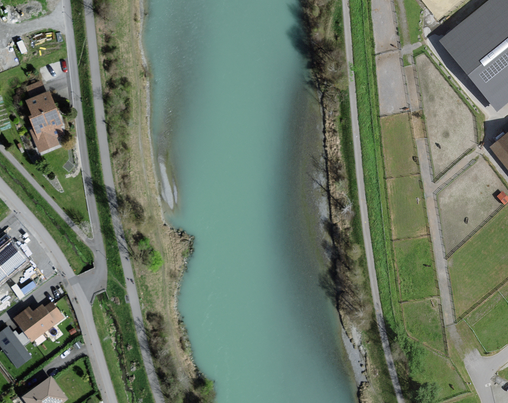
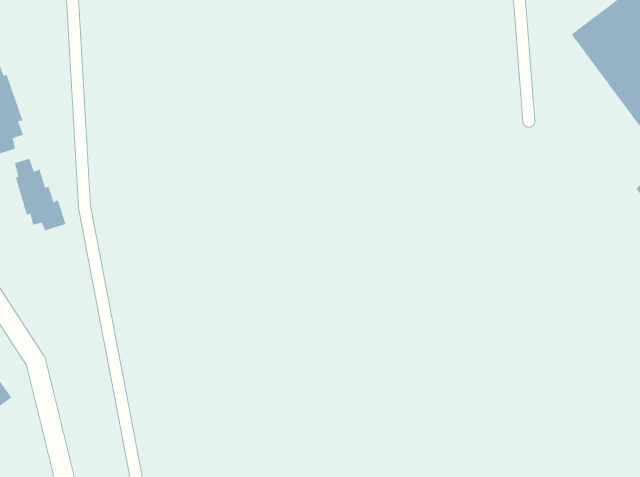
building: none -> [14,158,66,231]

